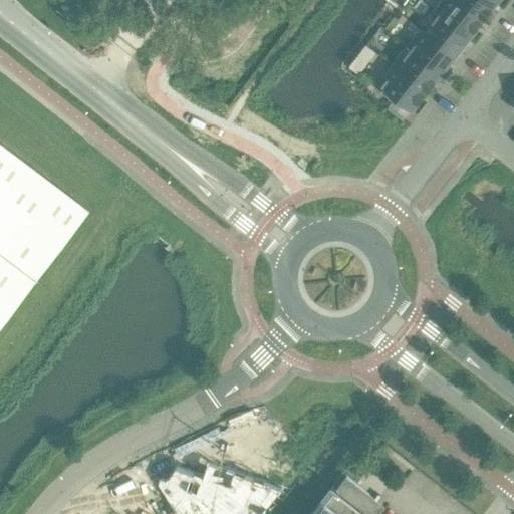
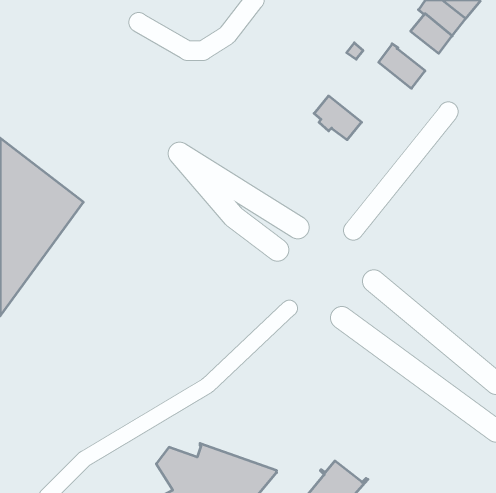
building: [406,32,454,77] -> none
building: [376,68,426,113] -> [314,96,362,140]

